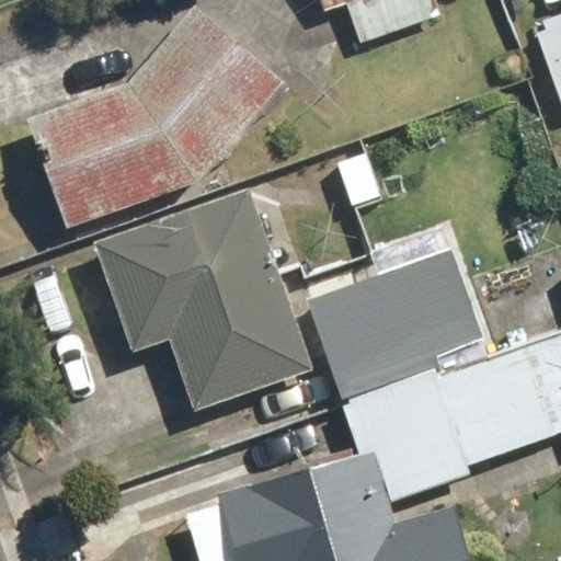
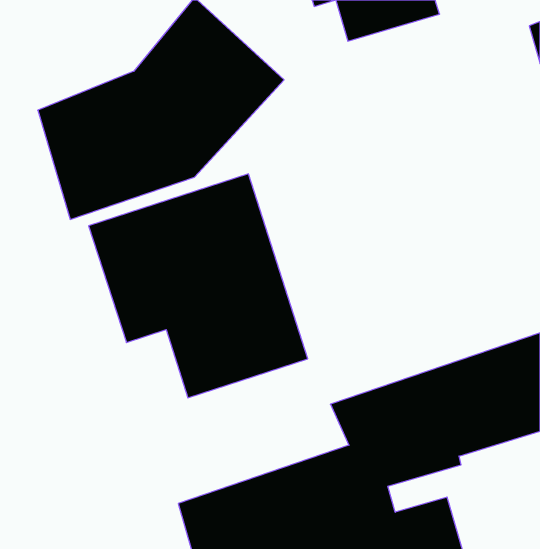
building: [308,253,482,402] -> none

